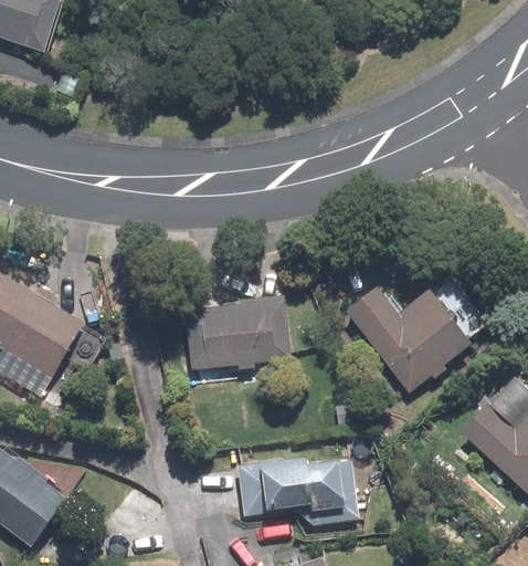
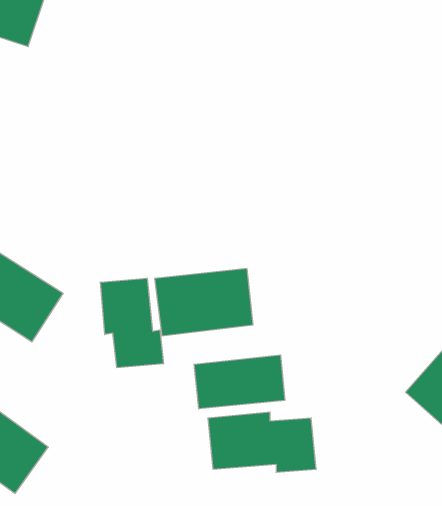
building: [340,273,492,392] -> none
building: none -> [100,278,163,368]
building: none -> [194,355,285,409]

